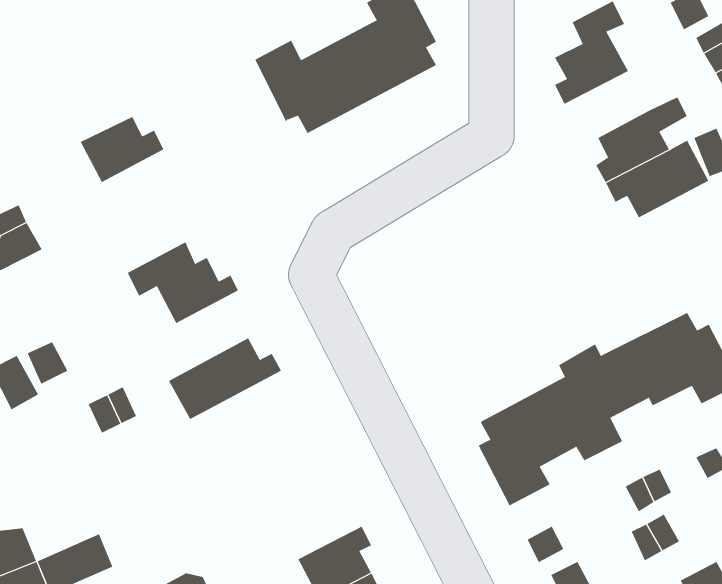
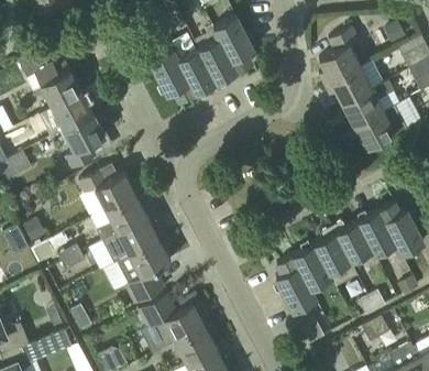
building: none -> [16,54,82,107]
building: none -> [324,67,372,105]
building: none -> [65,111,106,168]
building: none -> [97,190,148,241]
building: none -> [117,236,172,304]
building: none -> [138,294,211,341]

